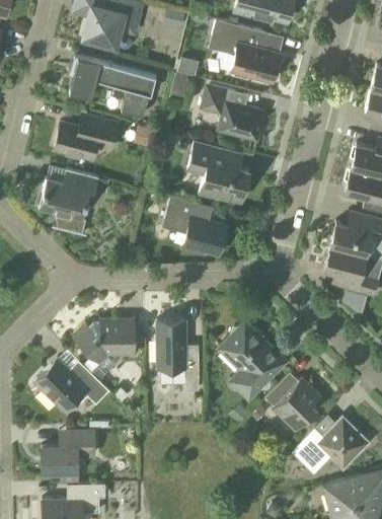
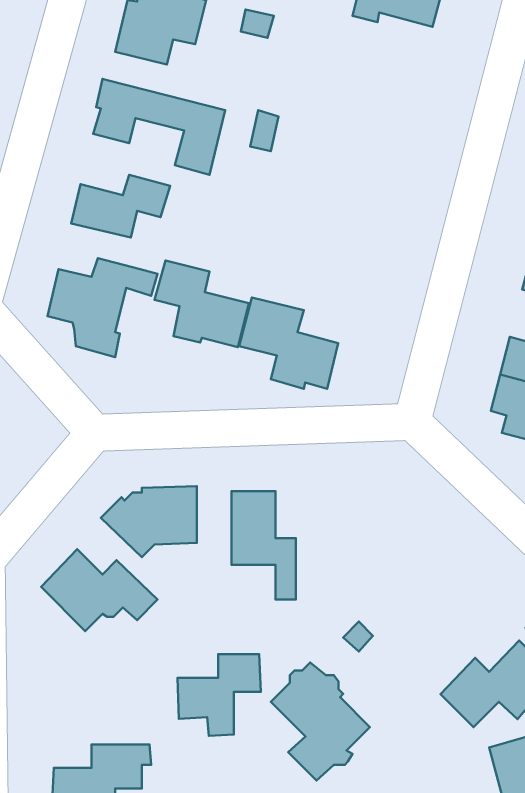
building: [213,19,281,82] -> none
building: [207,85,265,140] -> none
building: [188,144,249,200] -> [155,261,249,347]
building: [220,322,284,398] -> [271,663,370,781]
building: [265,372,321,431] -> none
building: [42,431,95,484] -> [177,654,261,736]

